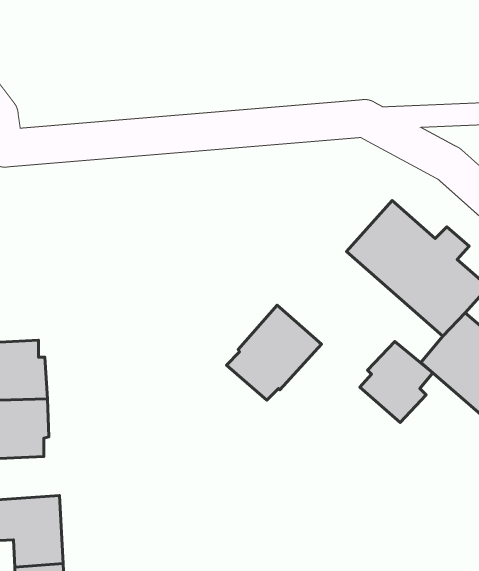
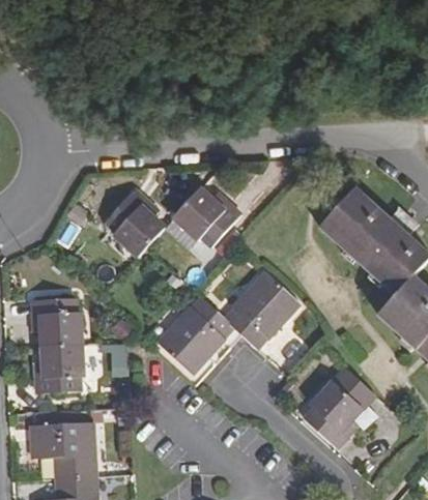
building: none -> [172,186,240,245]
building: none -> [106,190,164,256]
building: none -> [159,296,233,373]
building: [360,341,433,422] -> [305,382,363,446]

